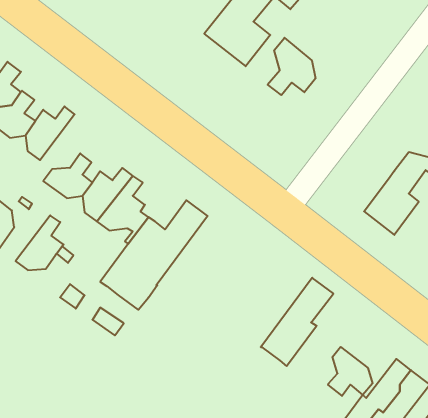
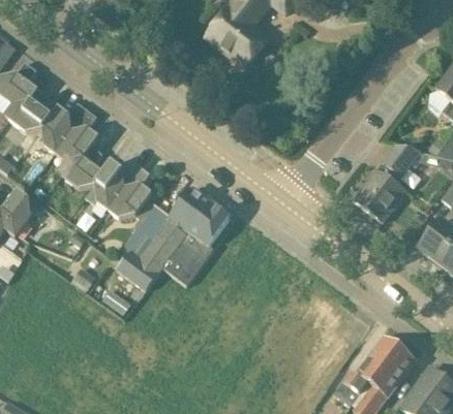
building: [268,38,315,95] -> none
building: [16,215,64,270] -> [54,109,98,160]
building: [261,278,333,366] -> [161,203,229,285]
building: [328,347,373,396] -> none

